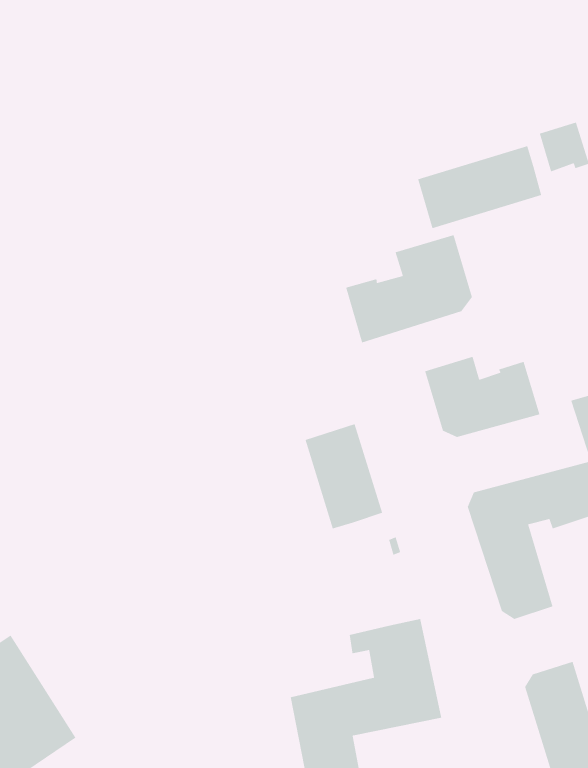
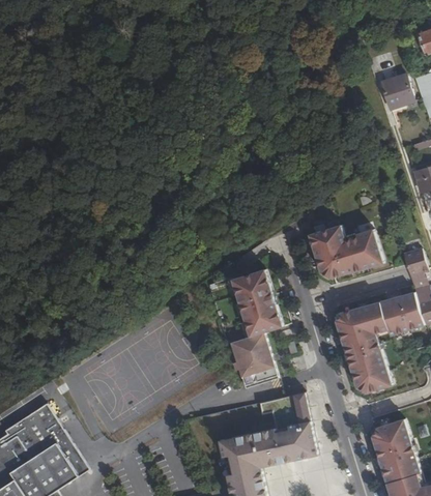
building: [417,145,542,229] -> none
building: [345,234,473,344] -> none
building: none -> [231,331,279,387]

